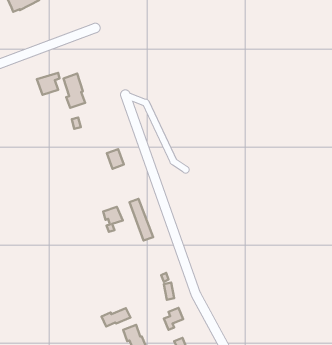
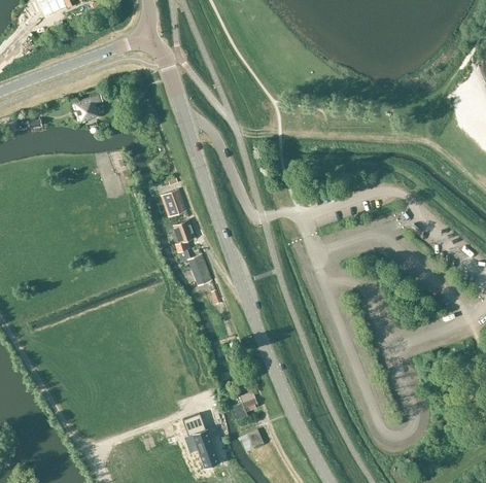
building: [64,73,85,108] -> none
building: [103,207,123,232] -> [170,220,195,252]
building: [102,308,131,327] -> none

